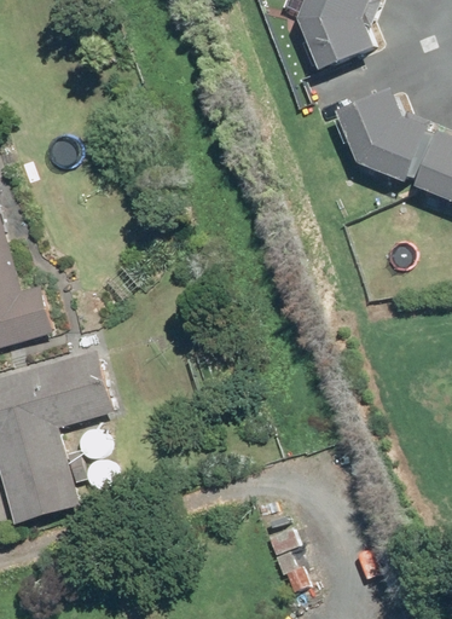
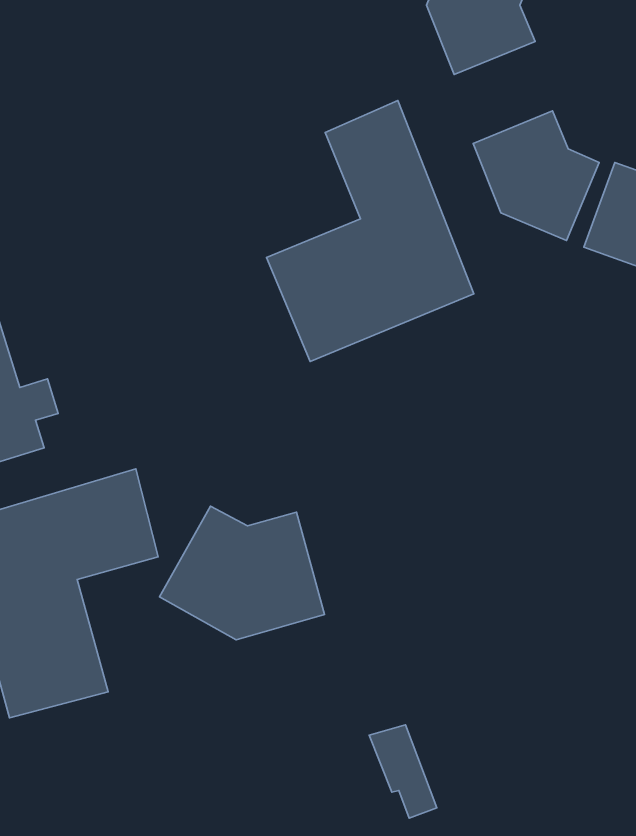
building: none -> [266,100,474,361]
building: none -> [160,506,325,640]

